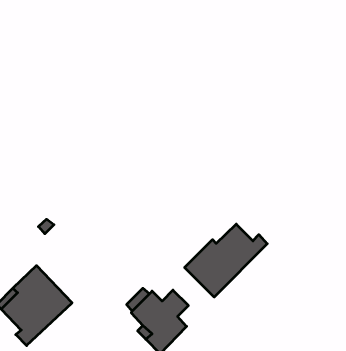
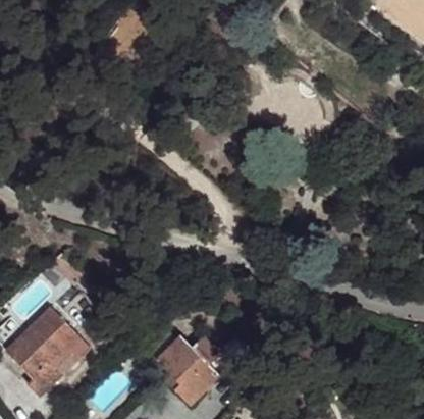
building: [185,224,267,297] -> none

